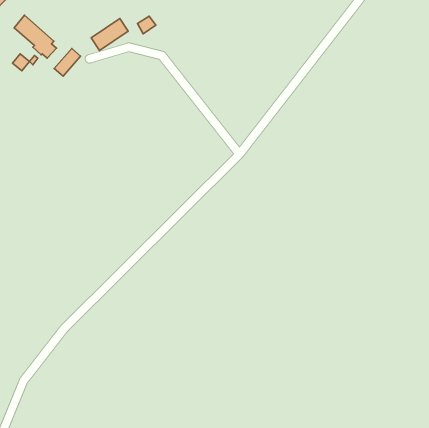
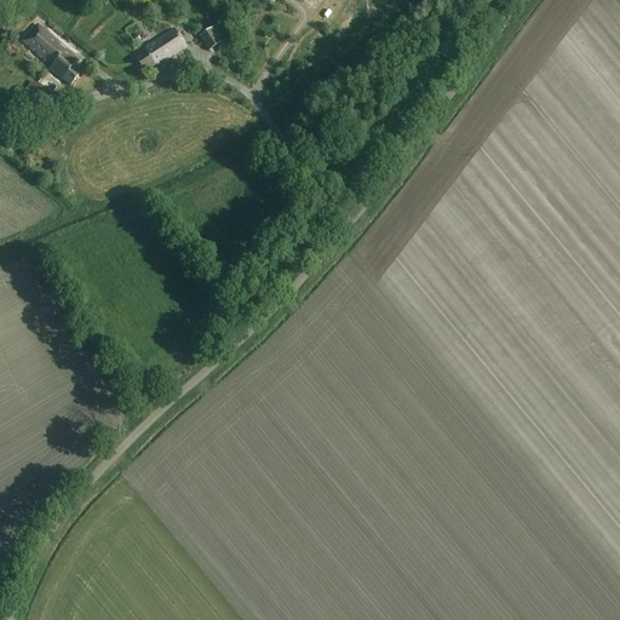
building: [54,49,81,76] -> none

